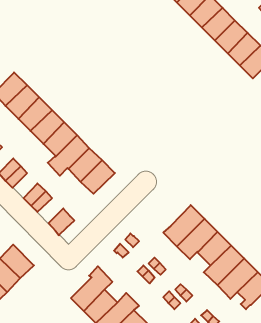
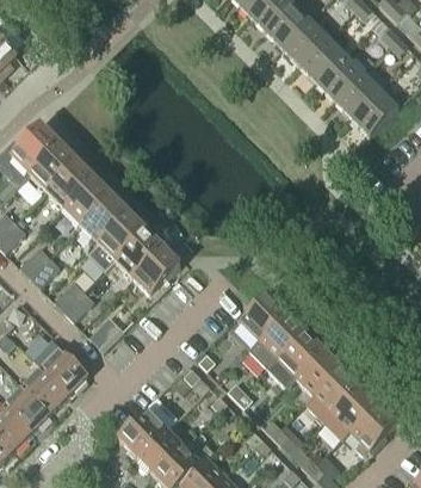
building: none -> [240,292,285,339]
building: none -> [39,347,86,394]

